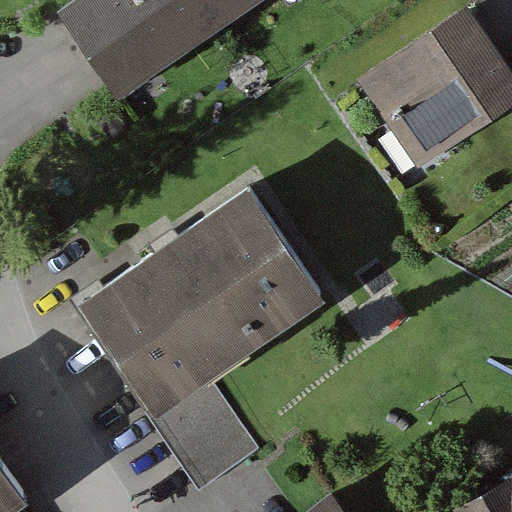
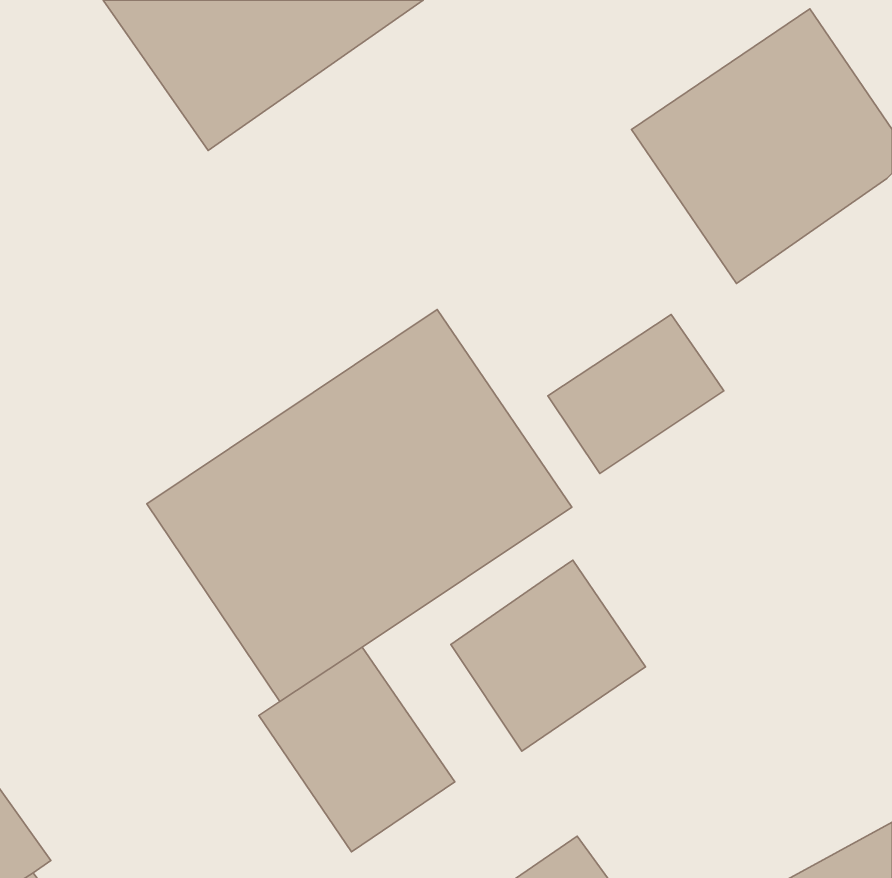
building: none -> [548,314,724,474]
building: none -> [451,560,645,751]

